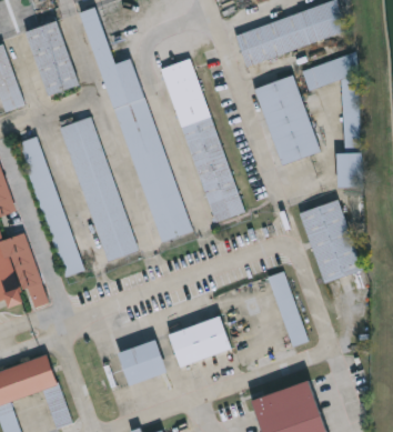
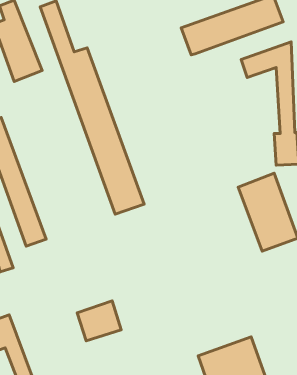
building: [158,58,244,224] -> none
building: [252,73,322,164] -> none
building: [58,111,139,264] -> none
building: [266,271,306,346] -> none
building: [169,317,232,369] -> none

